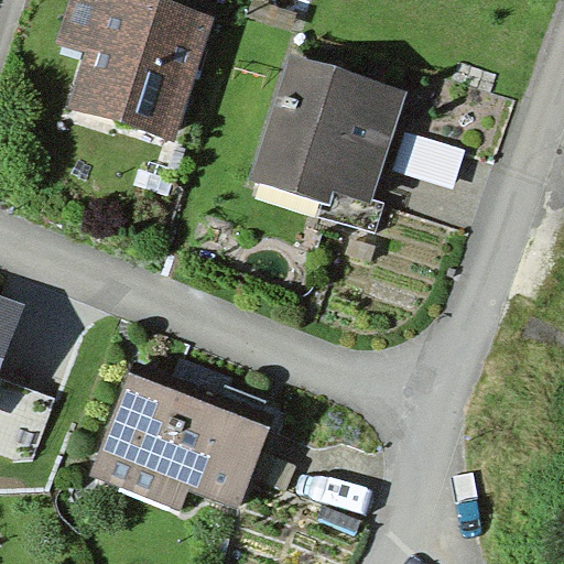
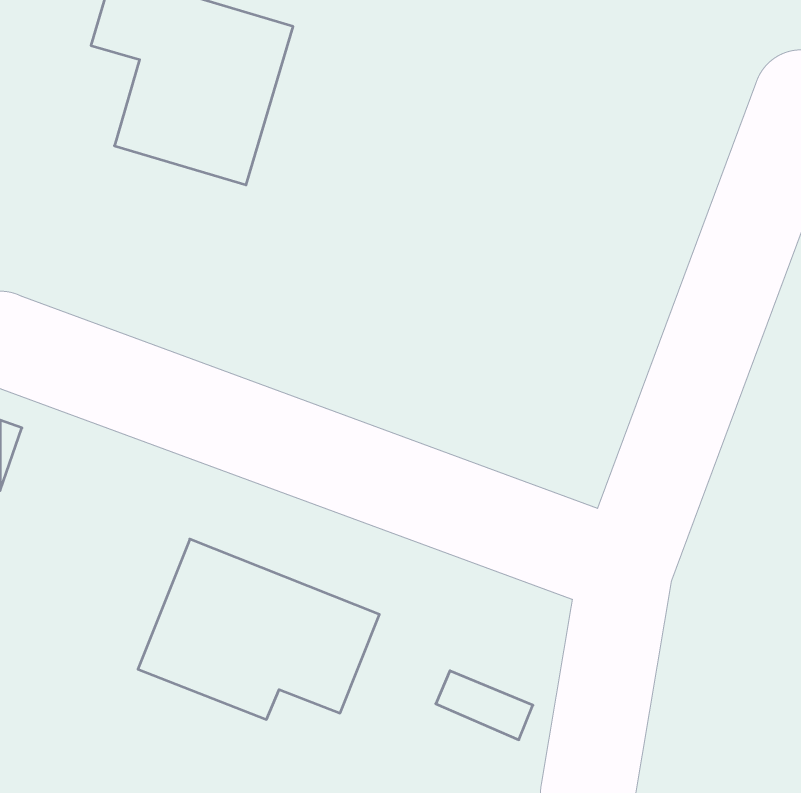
building: [261,59,400,203] -> none

